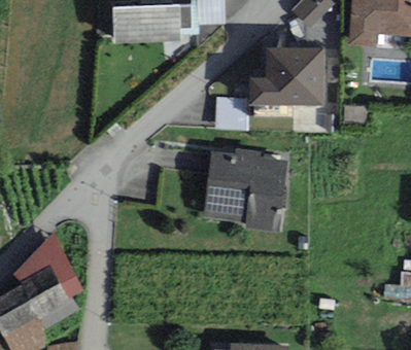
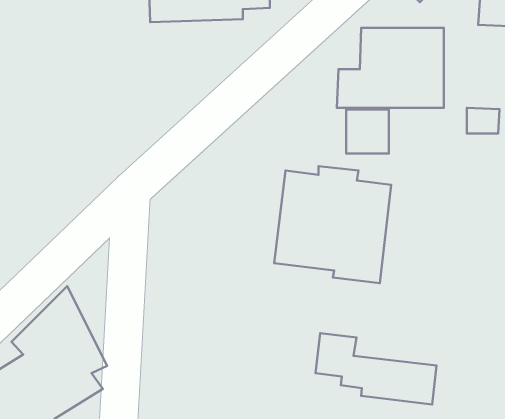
building: [215,98,246,130] -> [346,109,389,154]
building: none -> [316,333,437,404]

